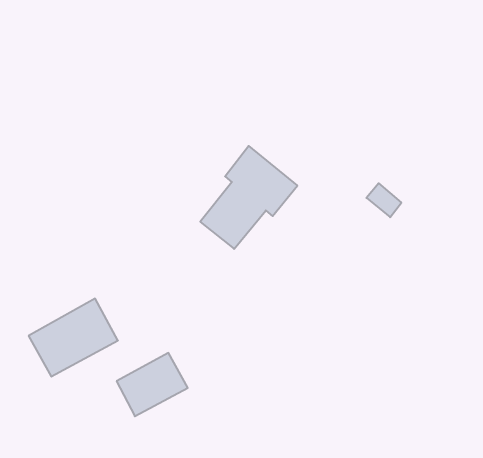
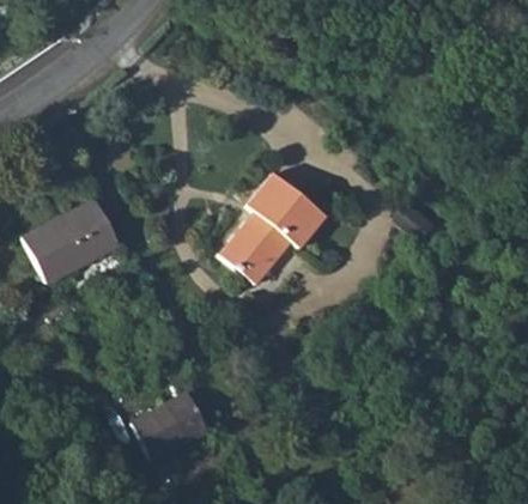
building: [29,299,118,377] -> [25,198,120,280]

